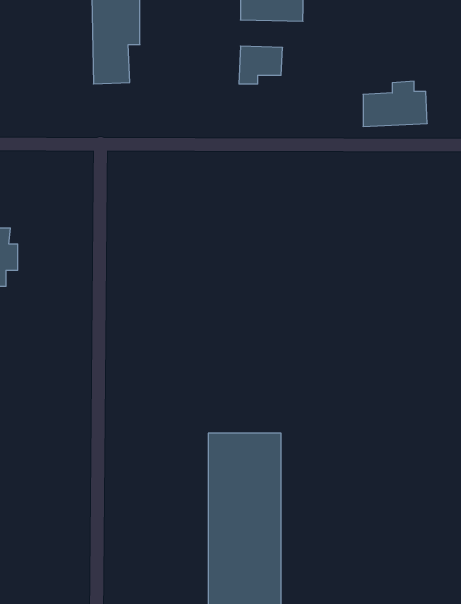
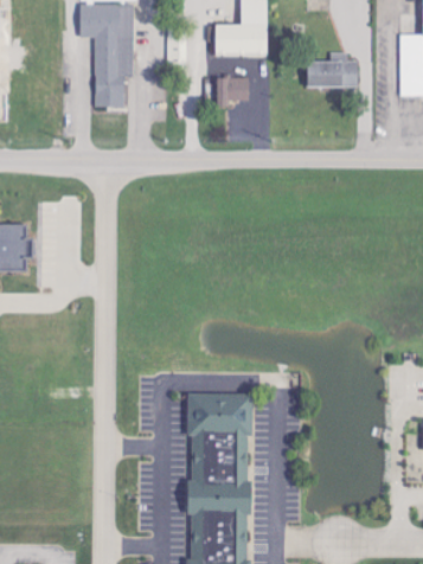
building: [363,81,427,126] -> [307,52,359,89]

